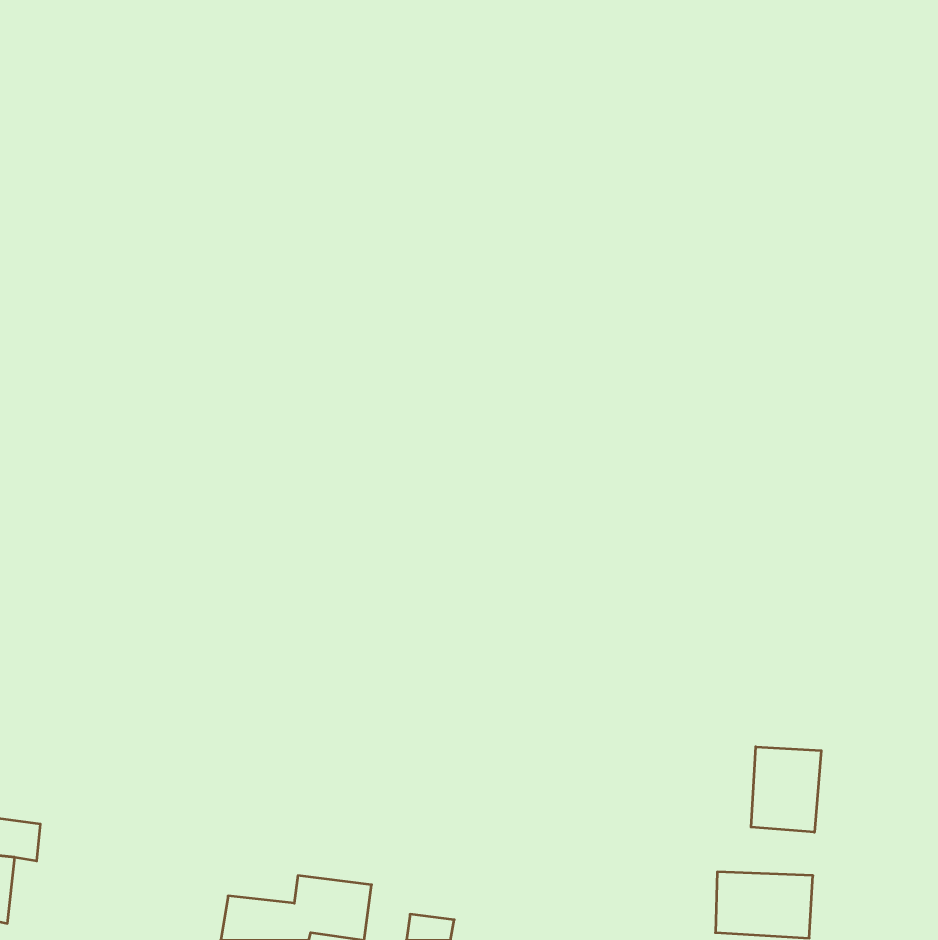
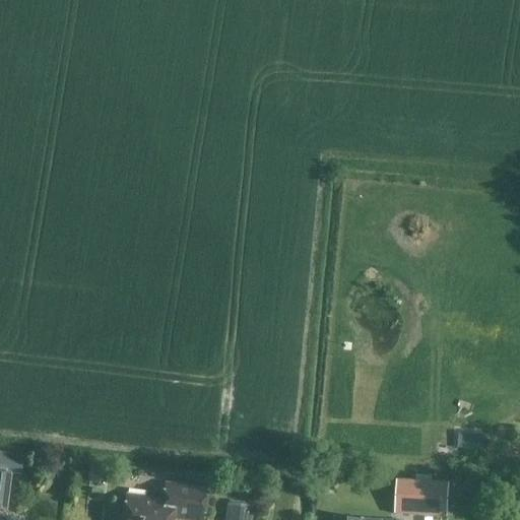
building: [751,747,821,832] -> none

